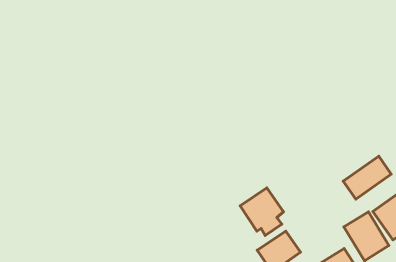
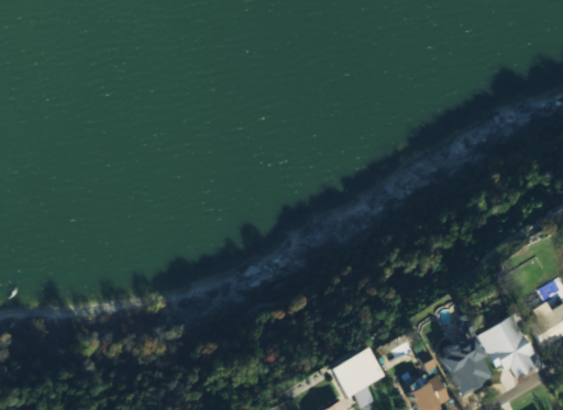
building: [343,156,391,199] -> none
building: [240,188,283,235] -> none

